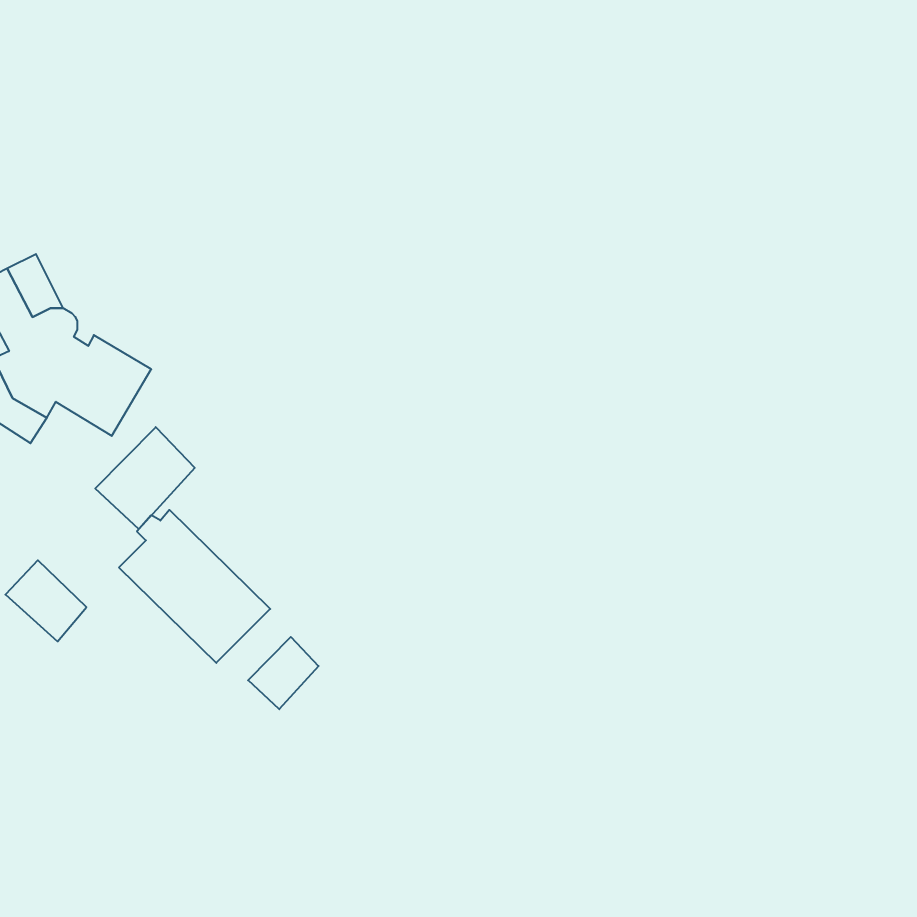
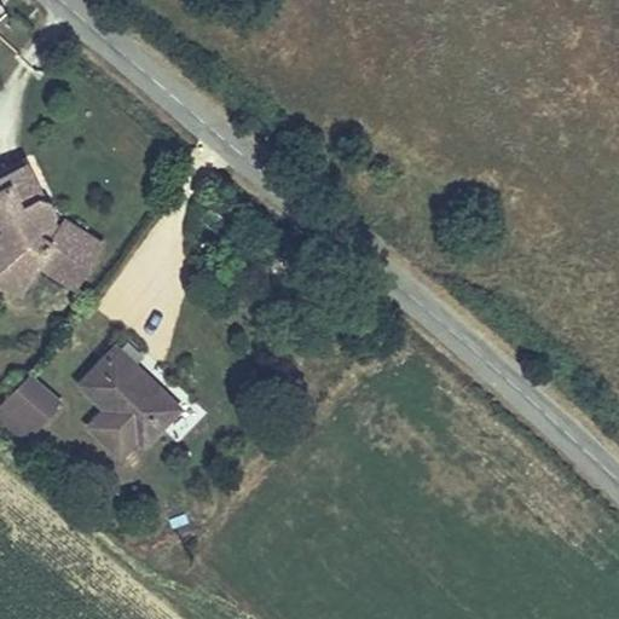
building: [95,427,195,529] -> none
building: [248,637,319,709] -> none

